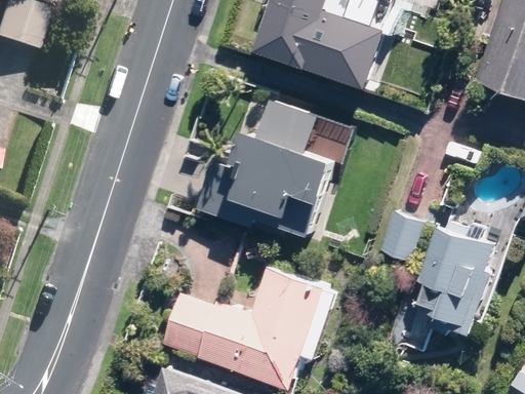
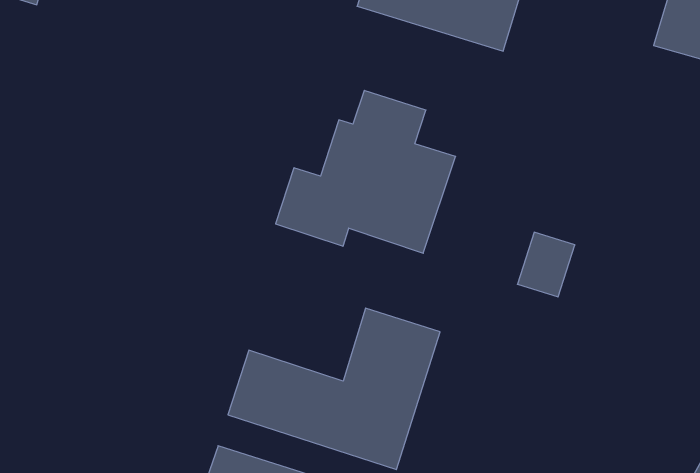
building: [412,231,488,329] -> none

